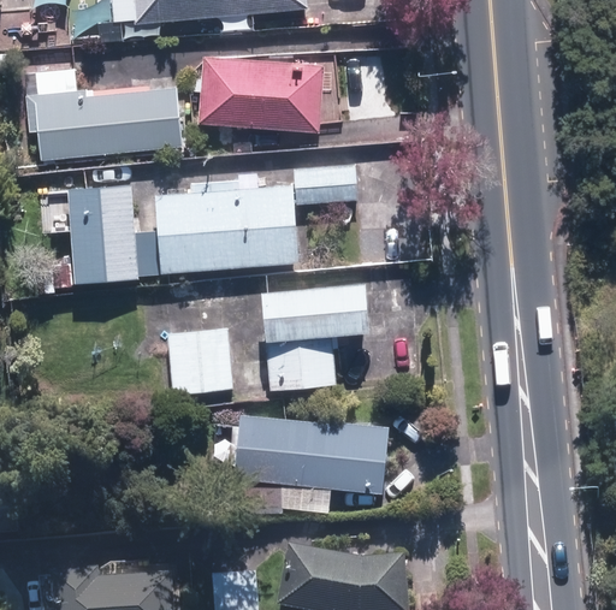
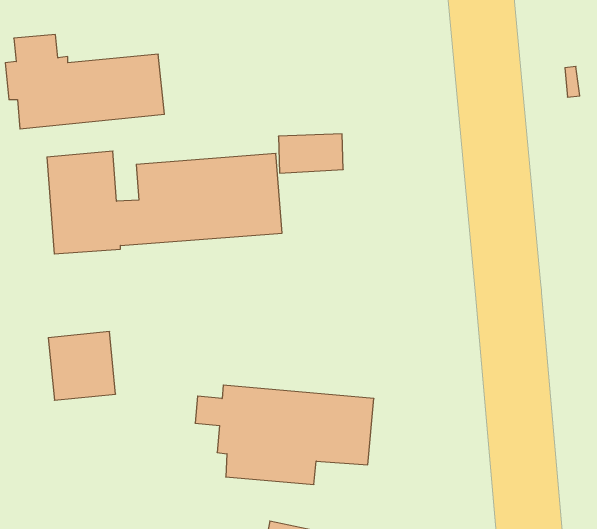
building: [197,57,324,134] -> none
building: [260,284,368,390] -> none
building: [166,327,232,395] -> [48,332,116,400]

